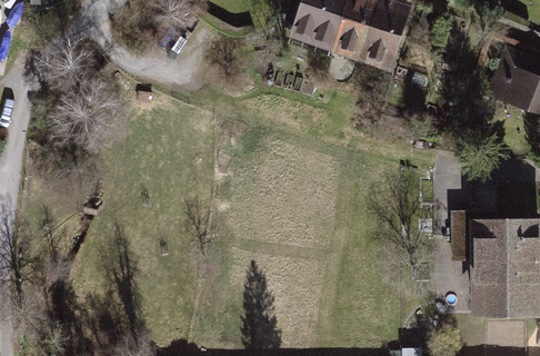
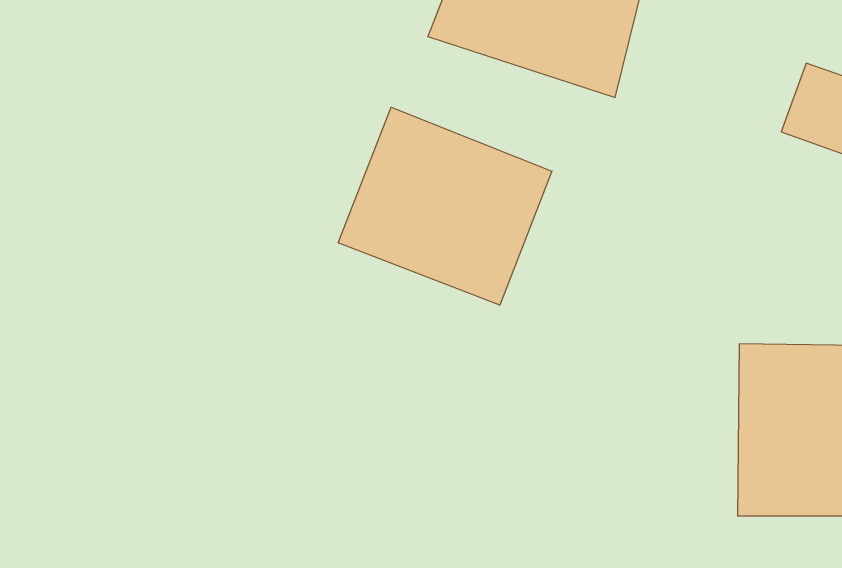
building: none -> [338,107,552,305]

